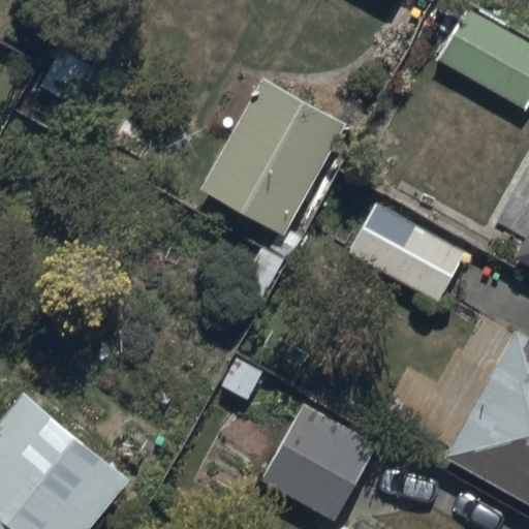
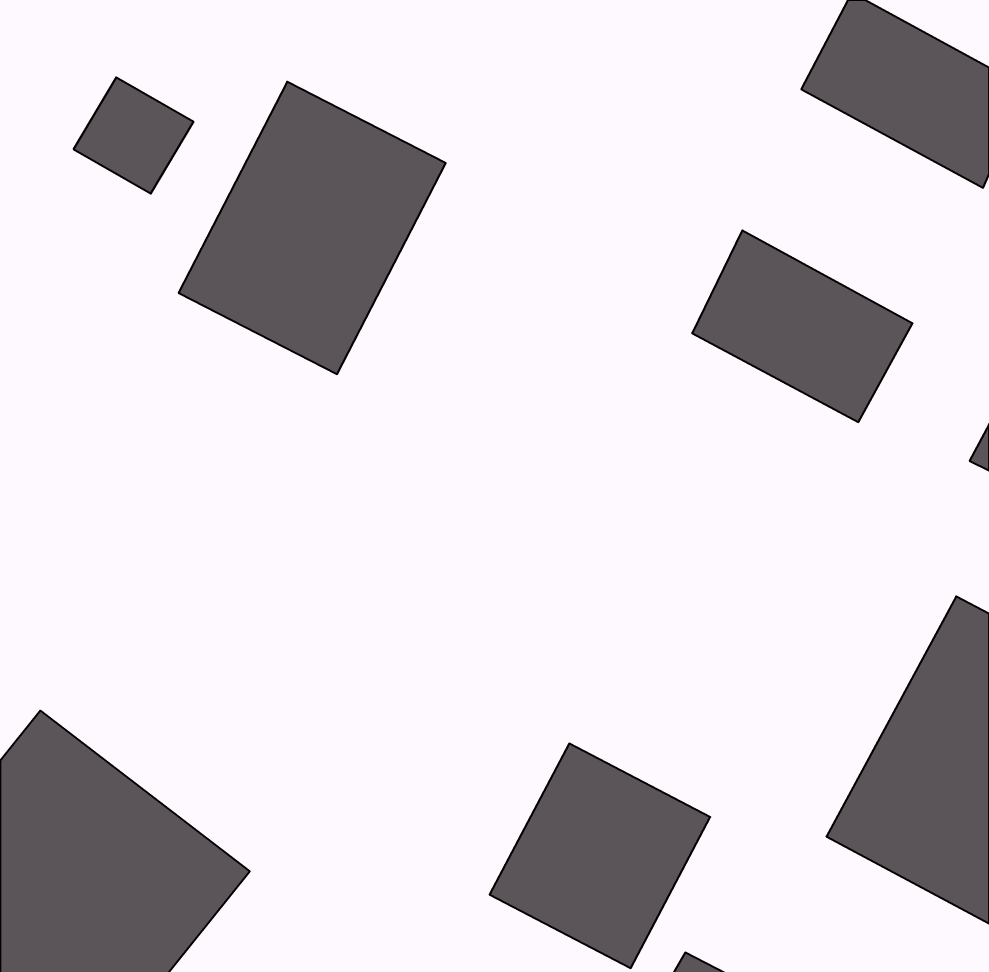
building: [206,77,348,234] -> [179,82,446,374]
building: [351,203,469,305] -> [692,230,913,422]

